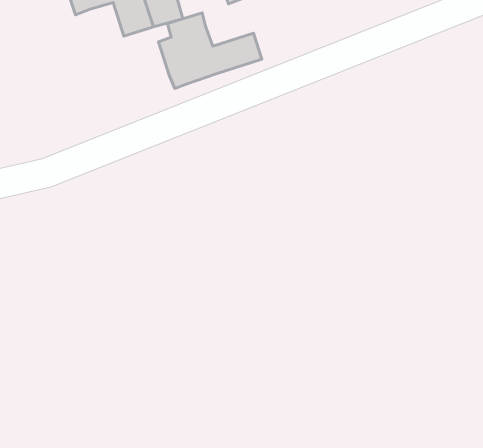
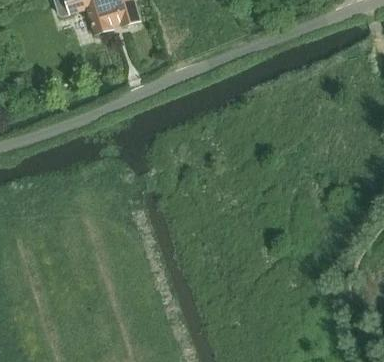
building: [158,13,262,89] -> none

